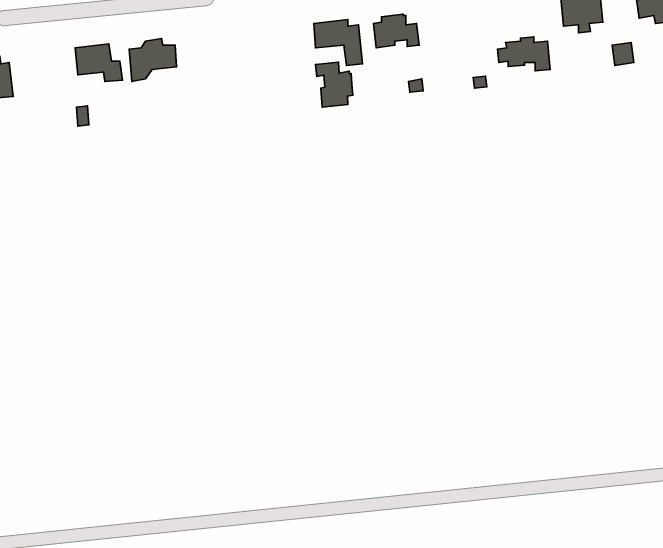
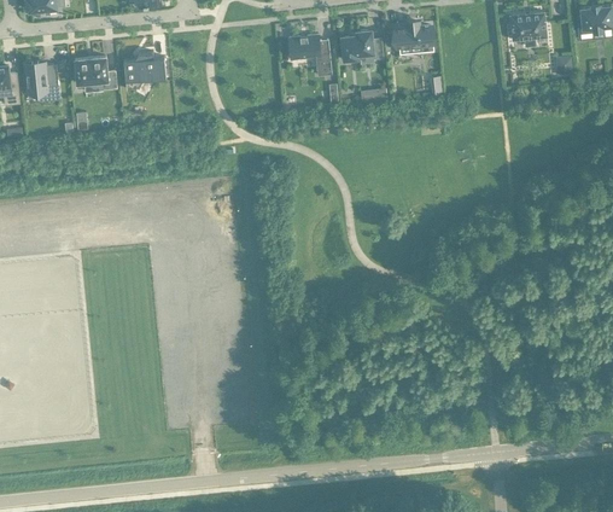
building: [498,37,550,71] -> [386,22,433,52]
building: none -> [21,63,59,100]
building: [316,62,353,107] -> none

